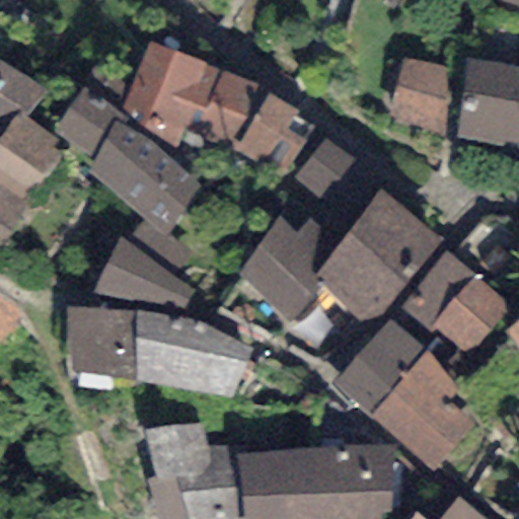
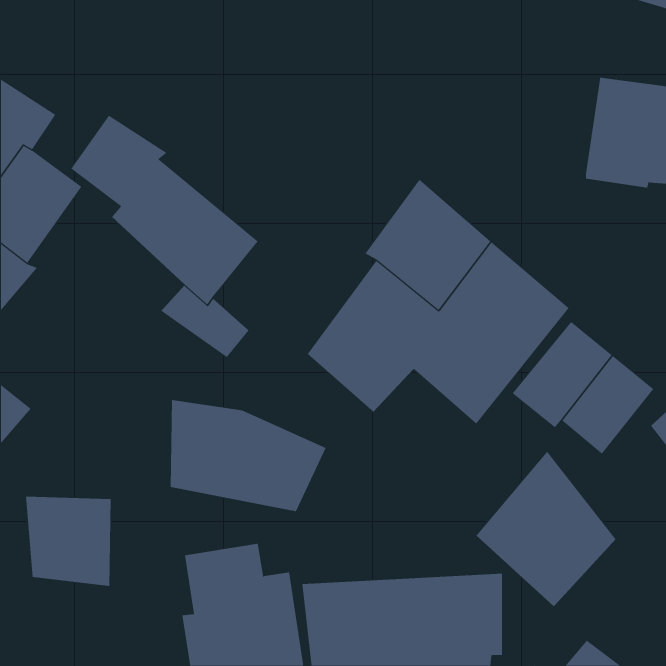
building: [124,43,263,147] -> none
building: [386,59,464,135] -> none
building: [235,93,316,175] -> none
building: [93,237,193,310] -> none
building: [67,308,134,378] -> [25,496,111,586]
building: [330,318,426,416] -> none

